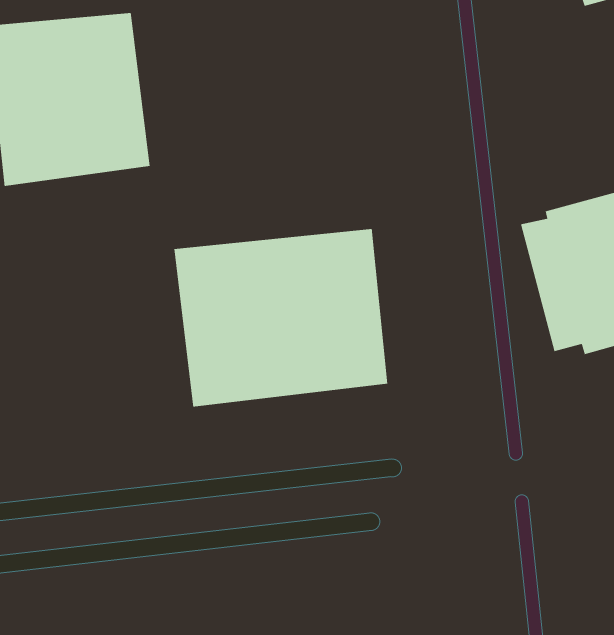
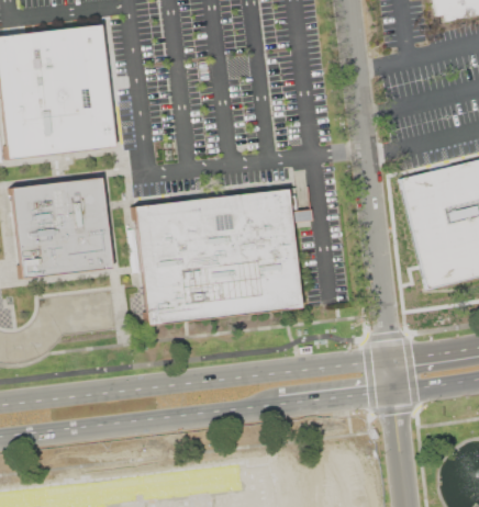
building: none -> [11,174,112,277]

